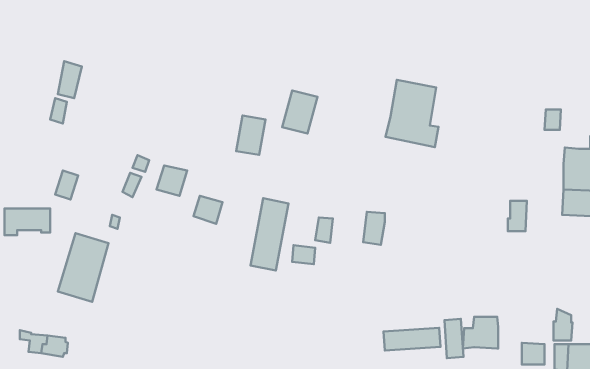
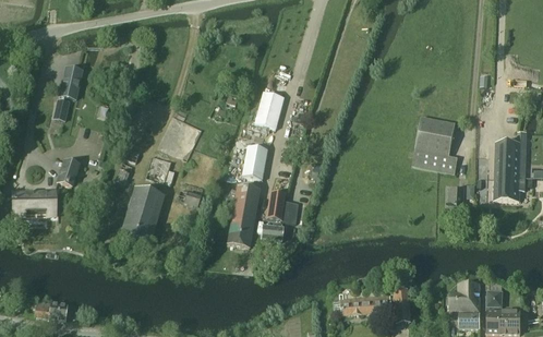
building: [385,80,439,147] -> [412,116,458,173]
building: [236,116,265,155] -> [242,145,267,179]
building: [363,212,385,245] -> [267,192,286,220]
building: [58,233,109,302] -> [120,188,164,246]
building: [463,317,498,348] -> [450,282,481,310]

